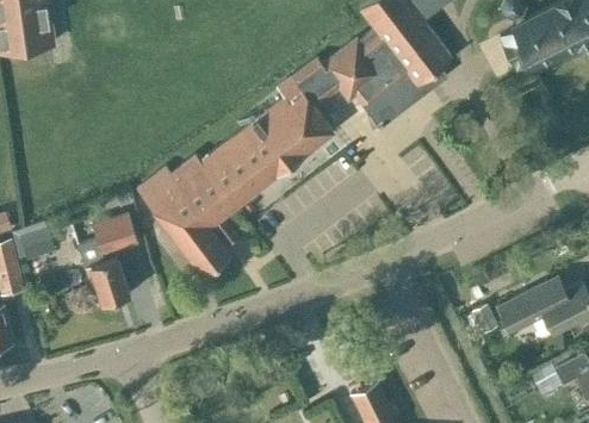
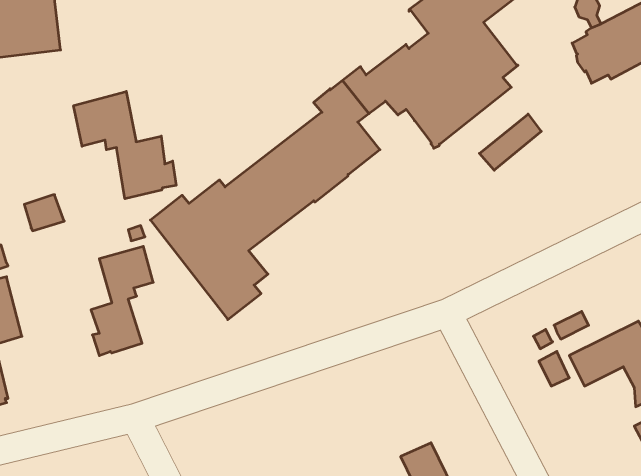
building: none -> [74,91,176,199]
building: none -> [479,114,541,170]
building: [19,230,54,261] -> [24,195,64,231]

